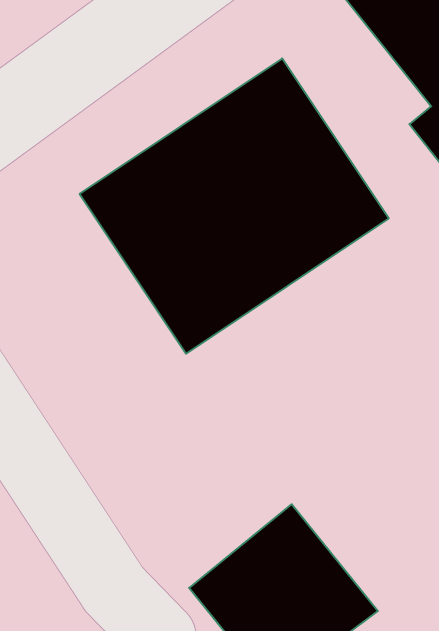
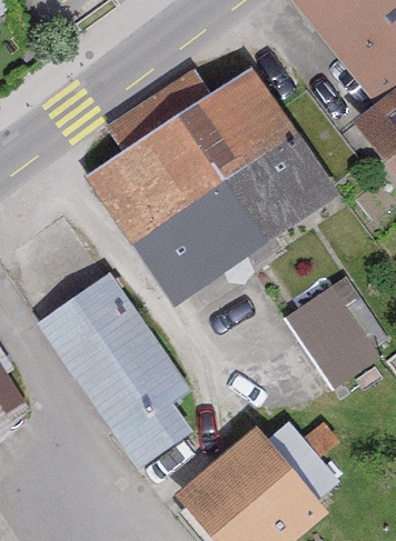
building: none -> [41,277,191,450]
building: none -> [280,283,373,382]

